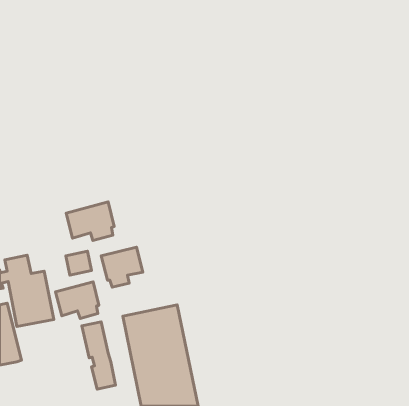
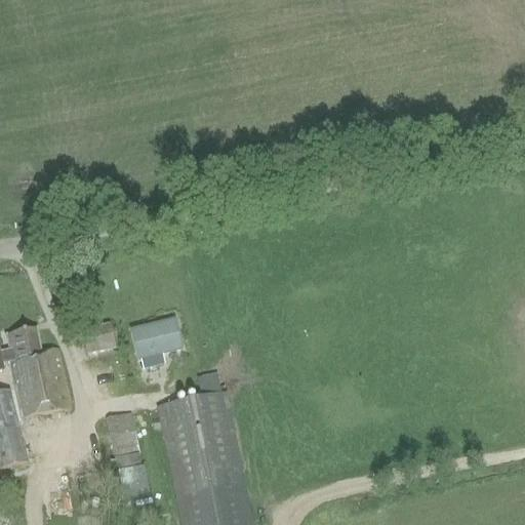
building: [66,202,114,241] -> none
building: [56,282,99,318] -> none

